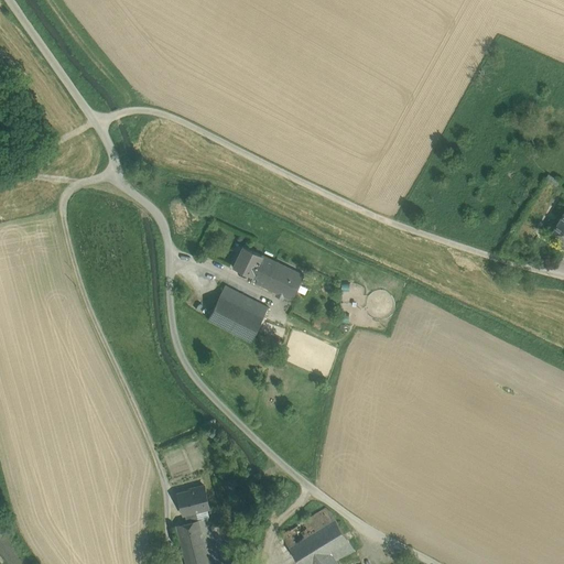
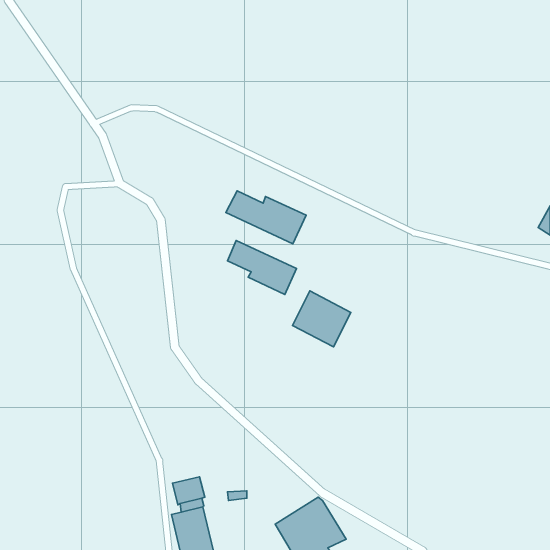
building: none -> [226,191,306,244]
building: [207,286,267,344] -> [293,291,351,347]

